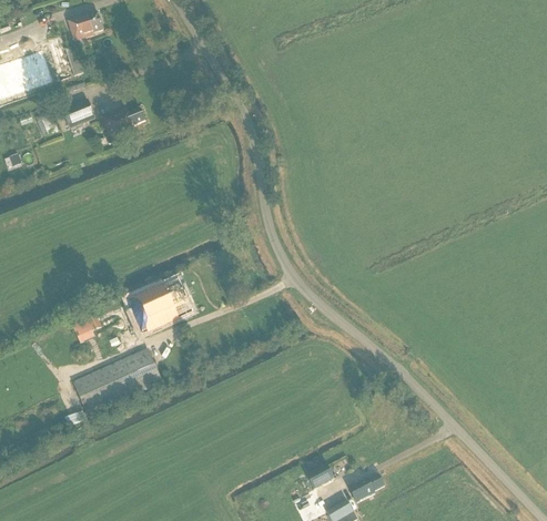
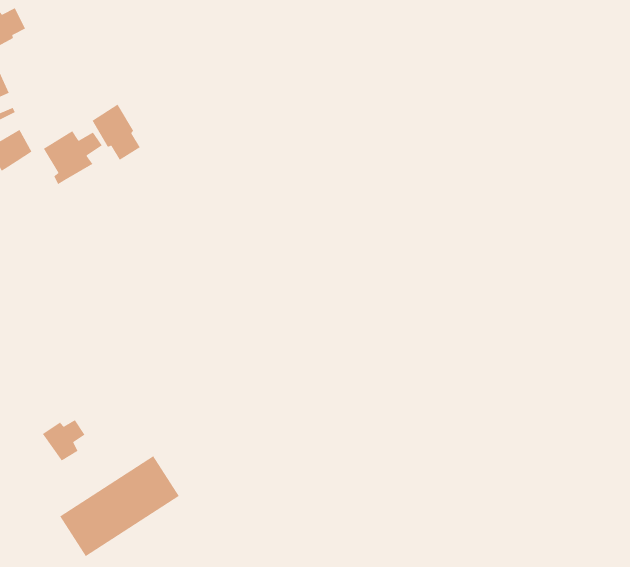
building: none -> [91,103,141,161]
building: [126,276,192,331] -> none

